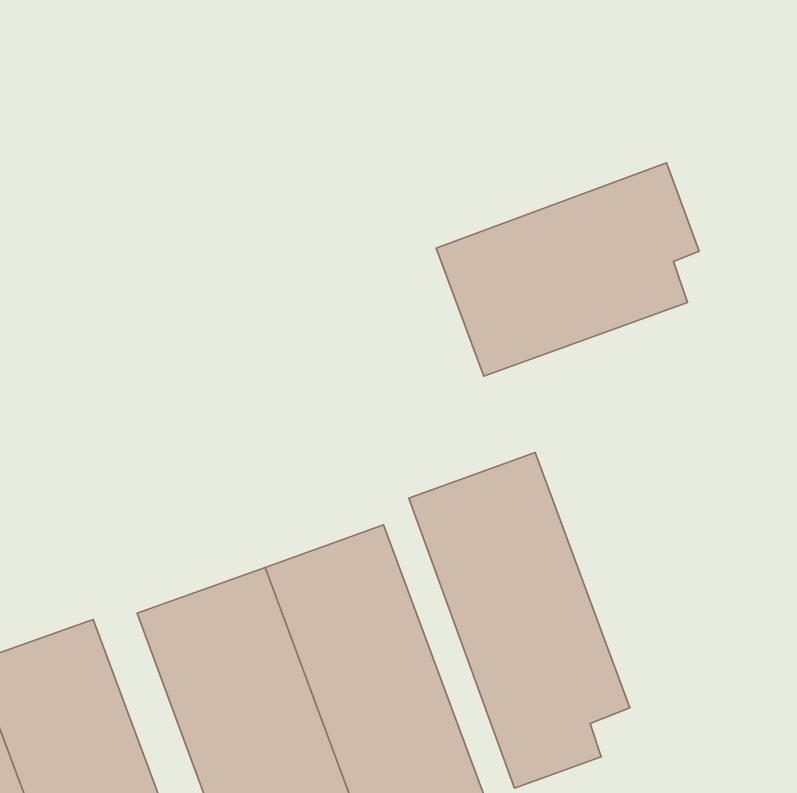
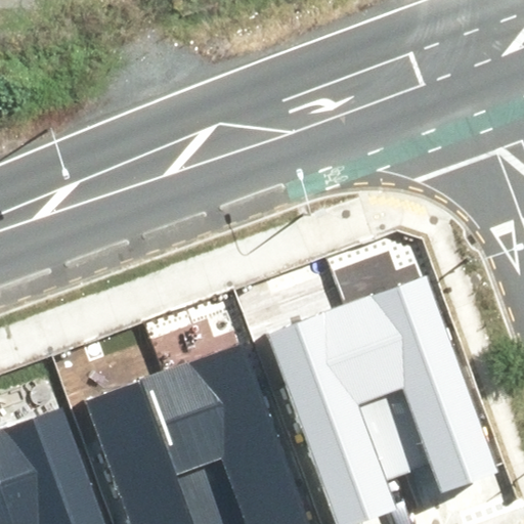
building: [436,163,699,376] -> none
building: none -> [347,274,496,487]

